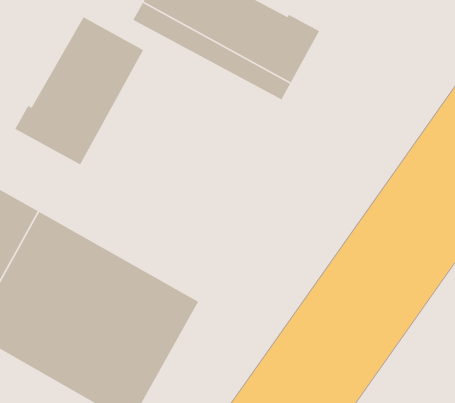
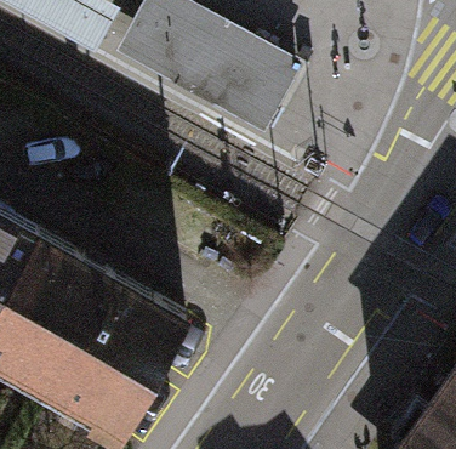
building: [14,16,144,166] -> none

